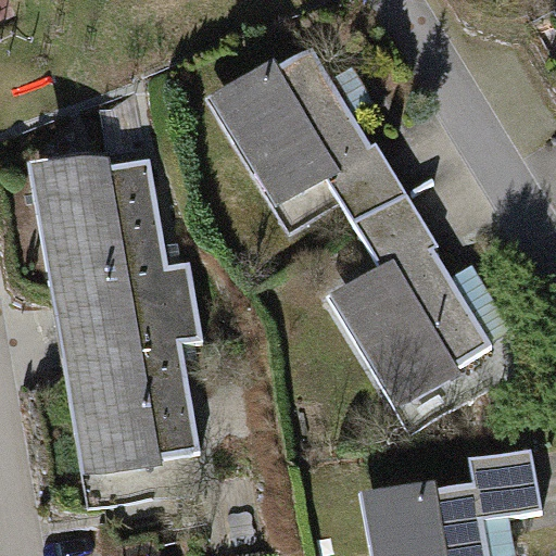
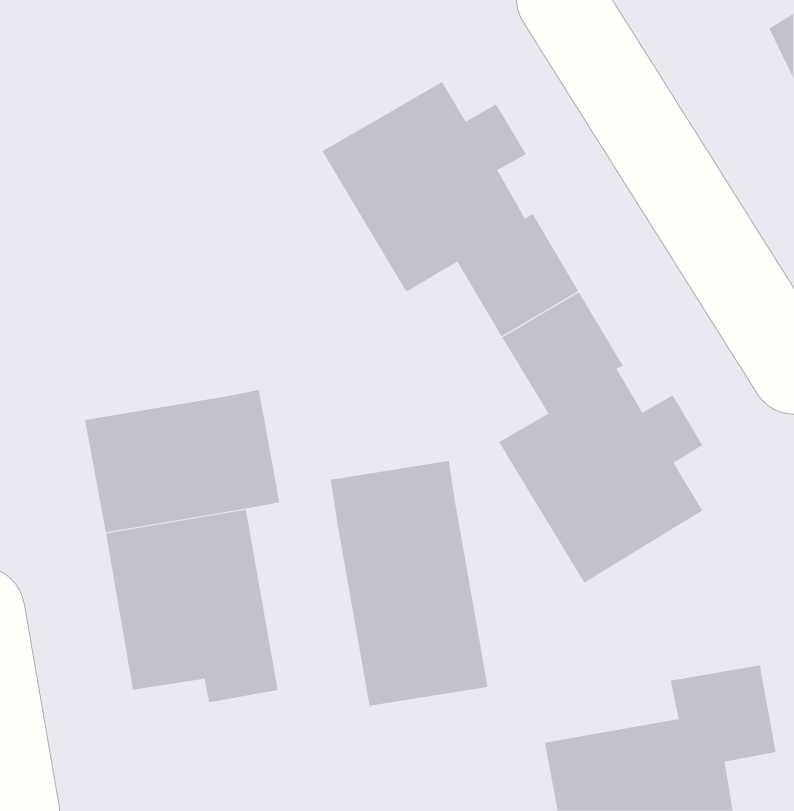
building: [40,147,155,287] -> none
building: none -> [330,460,488,706]

